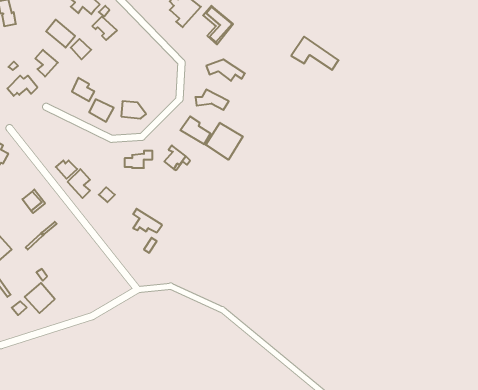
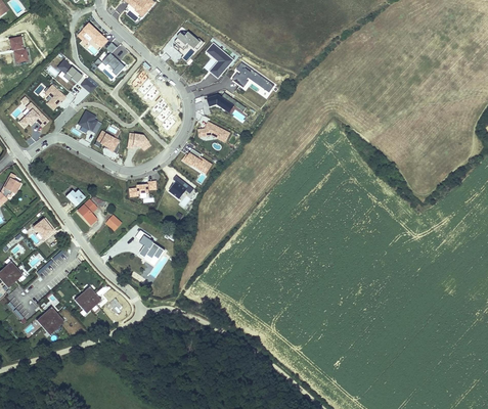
building: [291,37,339,70] -> [228,60,273,92]
building: [206,123,243,160] -> none
building: none -> [74,285,101,314]

